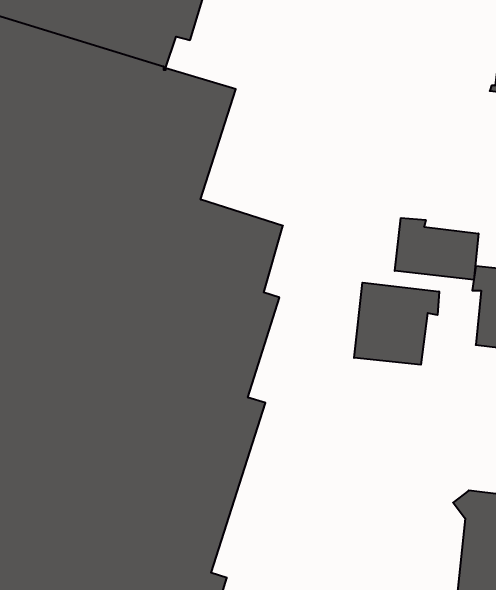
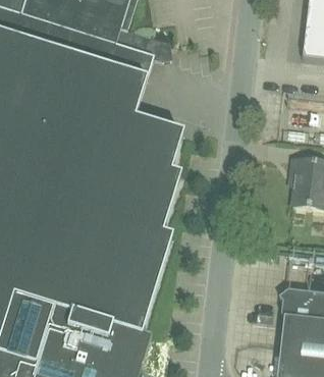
building: [395,218,478,280] -> none
building: [354,283,439,365] -> none

